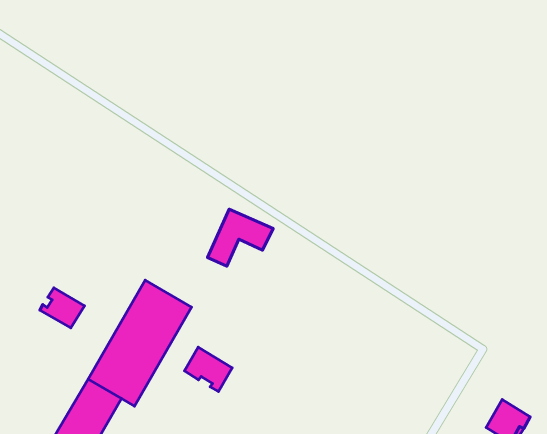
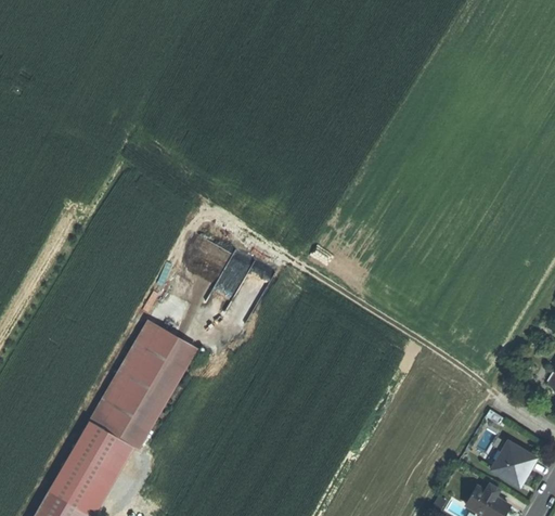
building: [40,288,85,328] -> none
building: [185,347,232,391] -> none

